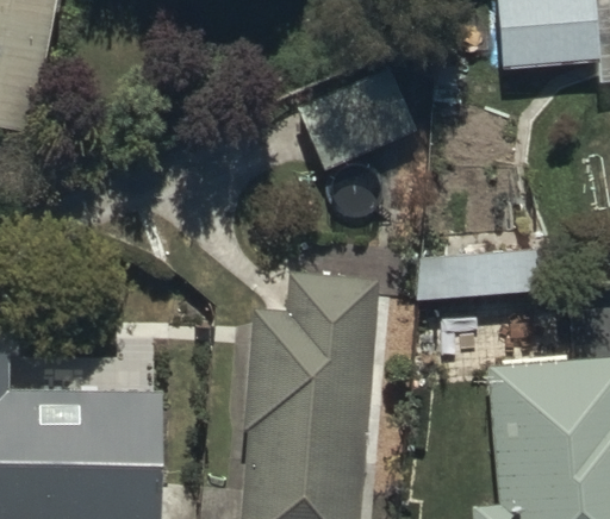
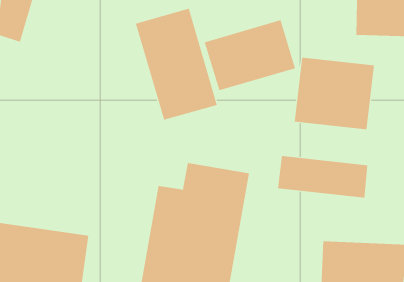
building: none -> [135,8,218,121]
building: none -> [294,57,374,130]

